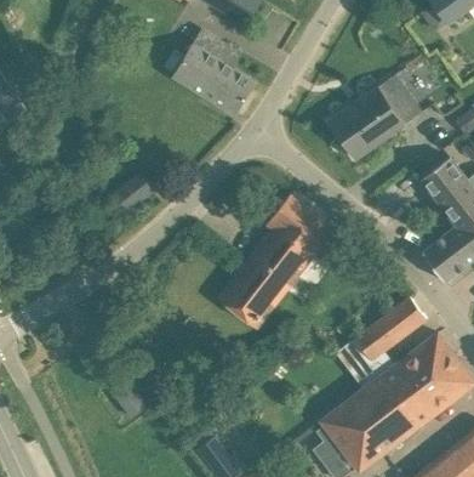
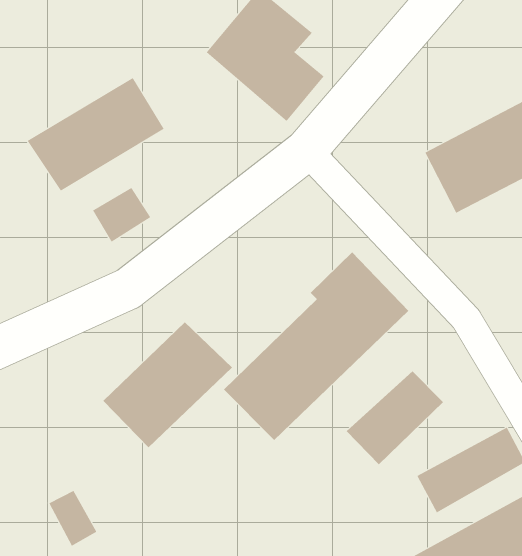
building: none -> [27,77,164,191]
building: none -> [102,322,233,448]
building: none -> [346,370,444,465]

